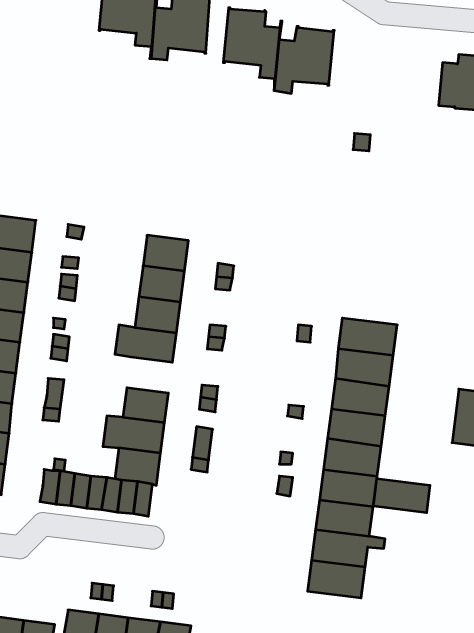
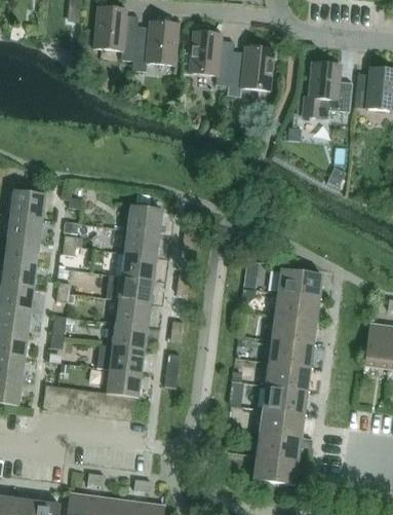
building: none -> [303,62,352,118]
building: none -> [115,299,150,327]
building: [374,479,430,513] -> none

